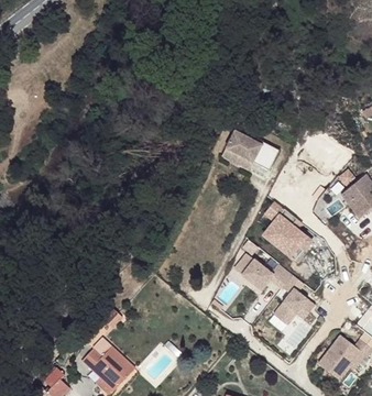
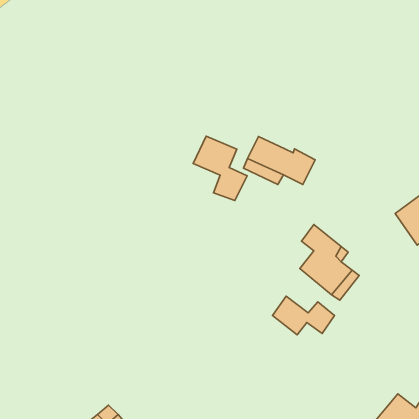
building: none -> [193,136,247,201]
building: [275,274,316,324] -> none

